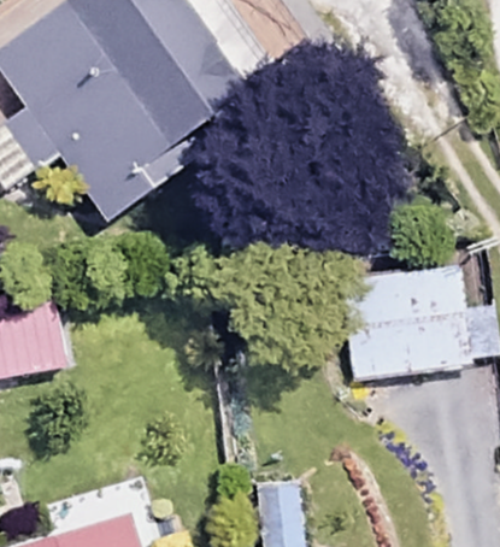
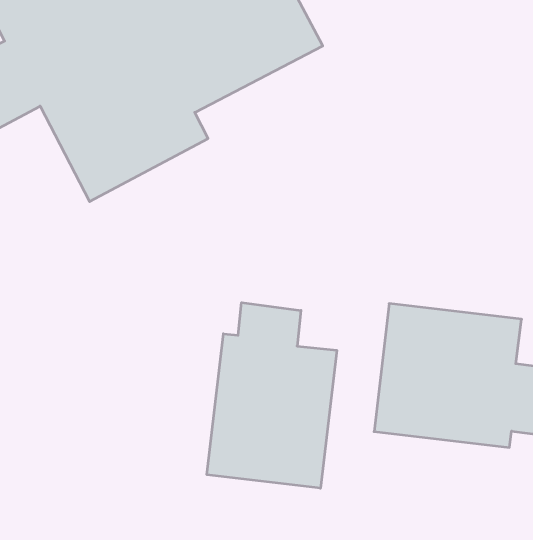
building: none -> [207,303,337,488]

